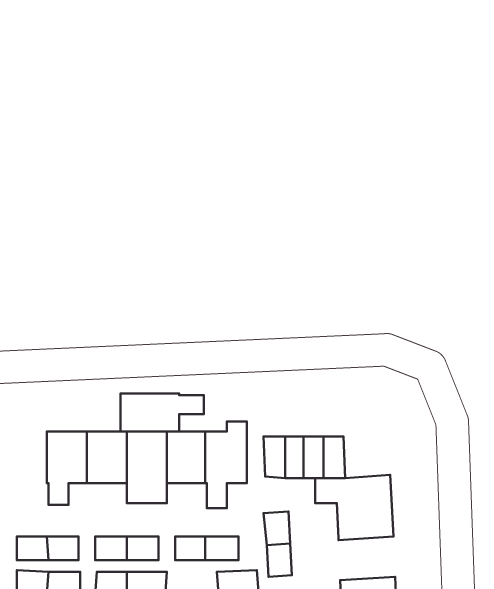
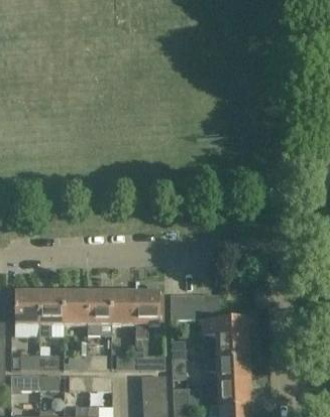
building: [121,393,204,432] -> none
building: none -> [14,291,38,322]
building: none -> [204,355,249,381]

